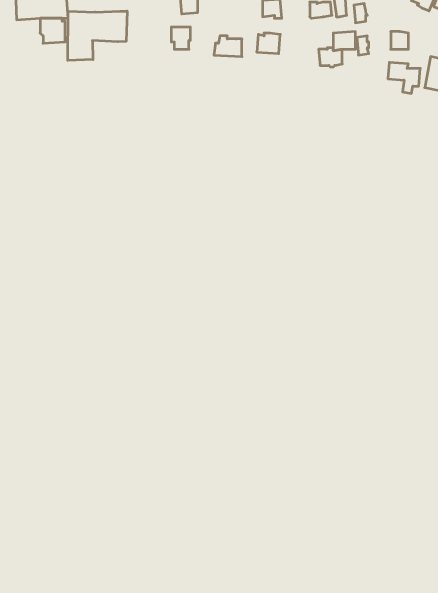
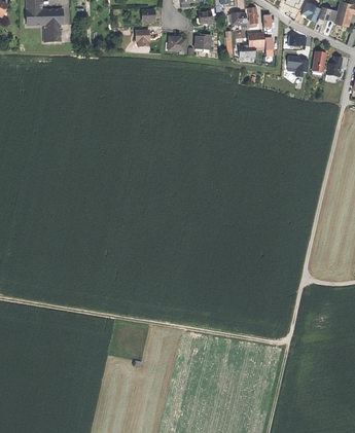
building: [68,11,127,60] -> none

